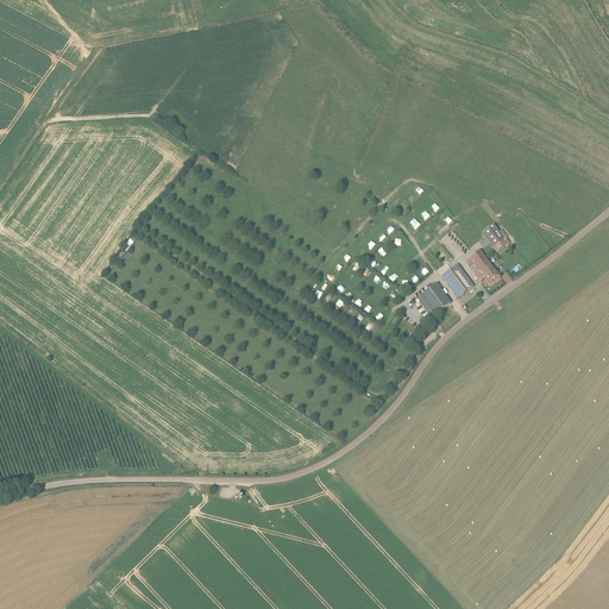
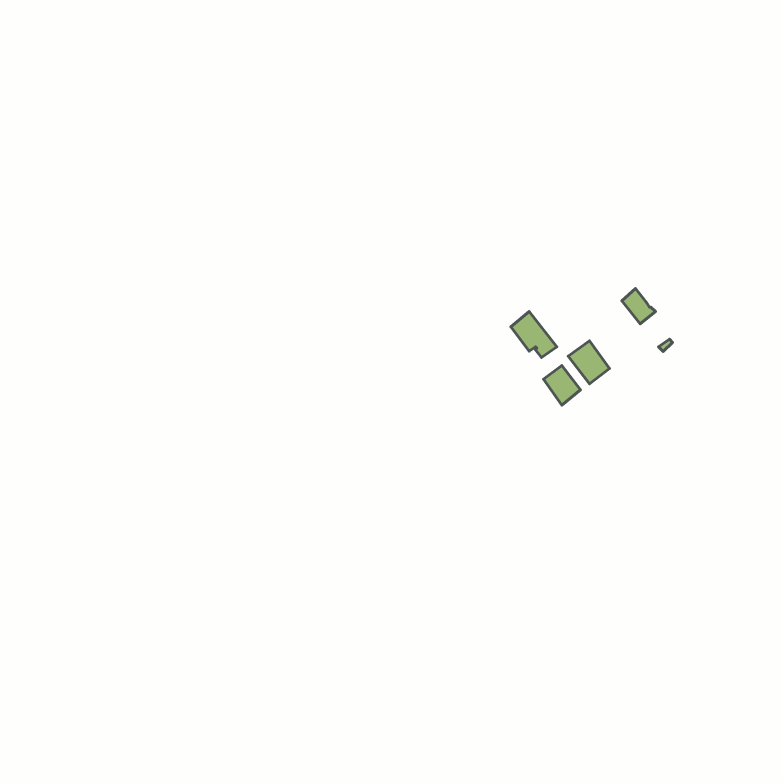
building: [464,250,500,285] -> [511,311,557,357]

